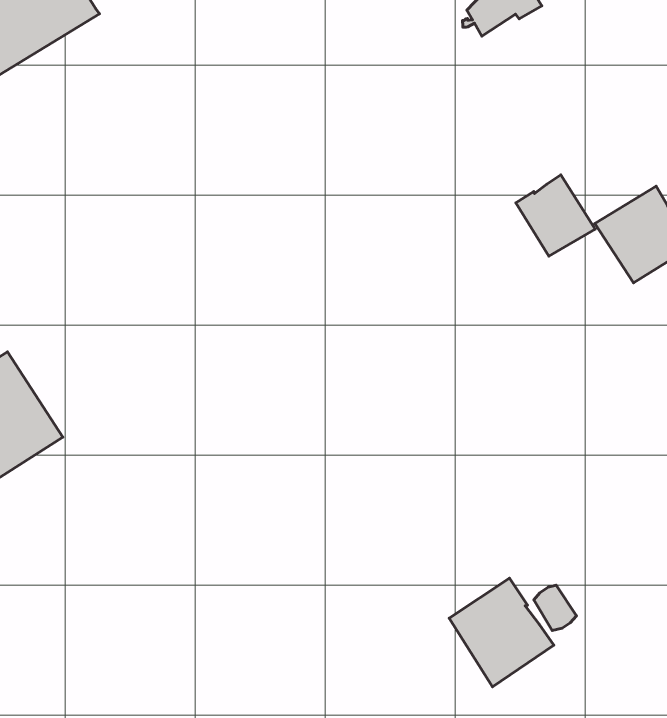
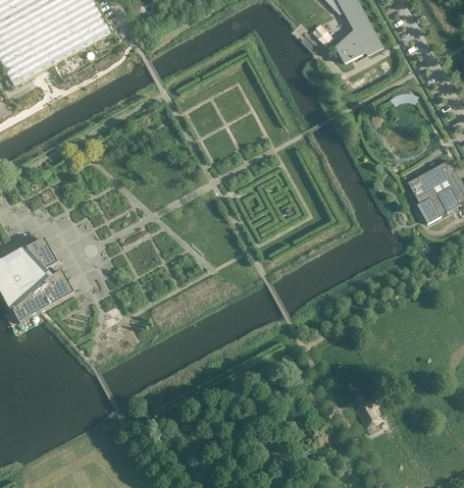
building: [516,175,595,256] -> none
building: [449,578,554,687] -> none

